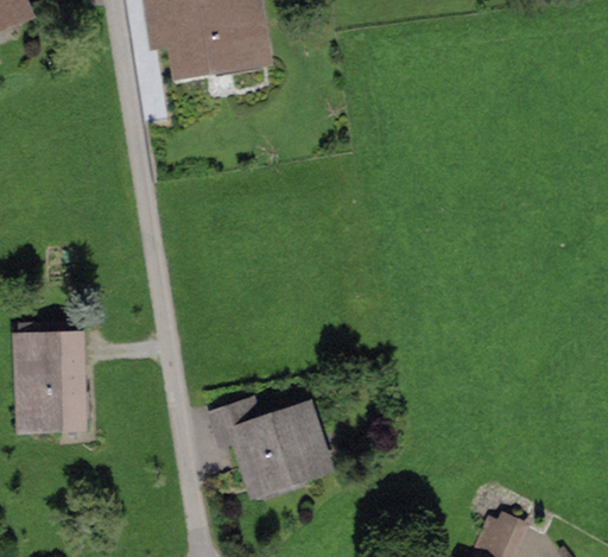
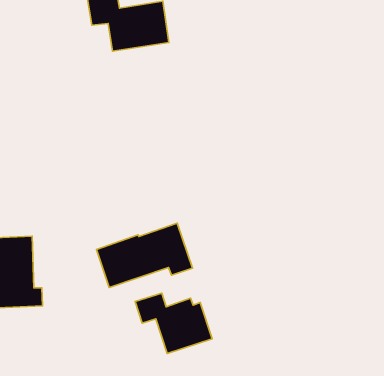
building: none -> [97,223,192,288]

